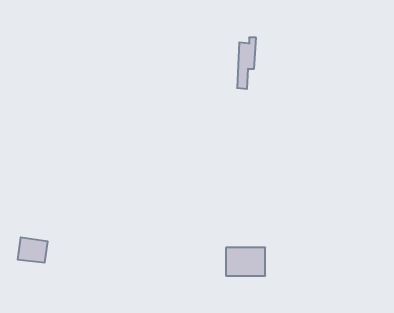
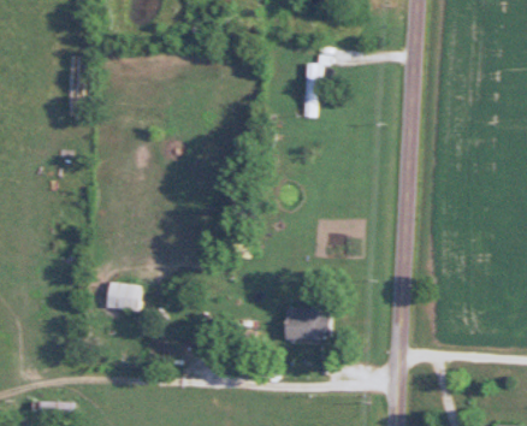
building: [18,237,48,263] -> [106,282,142,312]

